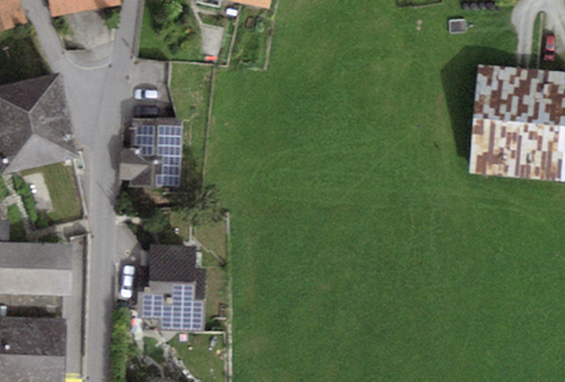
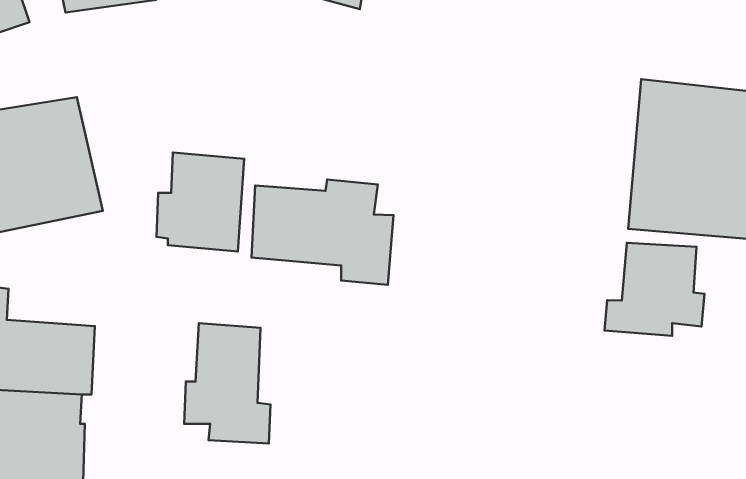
building: none -> [251,180,393,285]
building: none -> [604,243,704,336]

